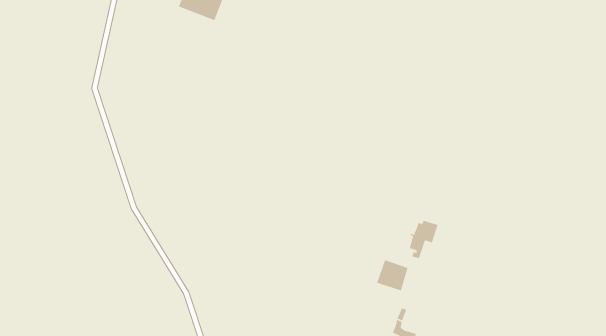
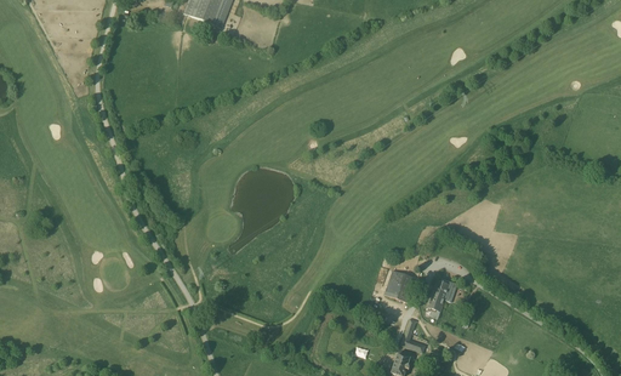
building: [409,220,439,259] -> [427,278,457,318]

